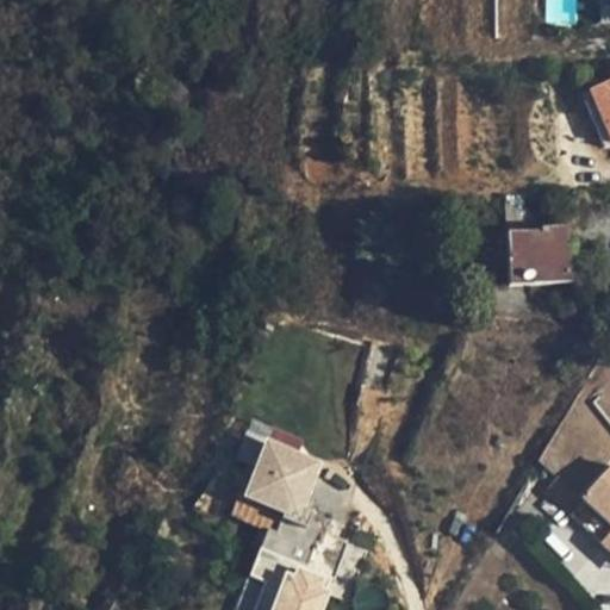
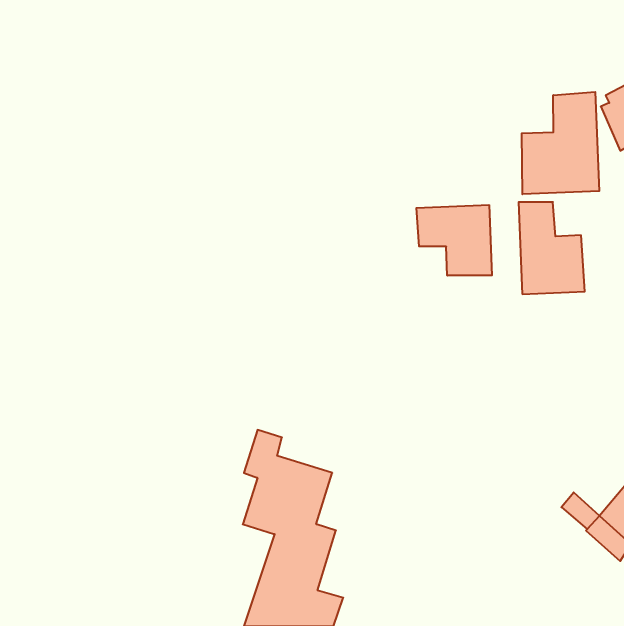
building: none -> [522,92,599,194]
building: none -> [416,205,492,276]

